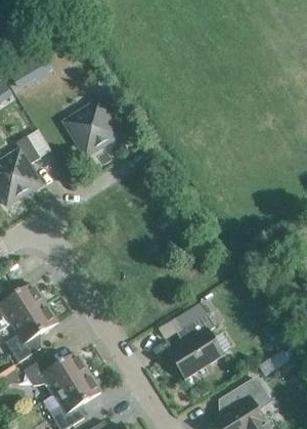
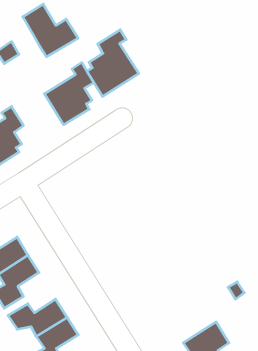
building: none -> [23,4,78,57]
building: none -> [87,30,139,96]
building: [170,304,222,378] -> none

